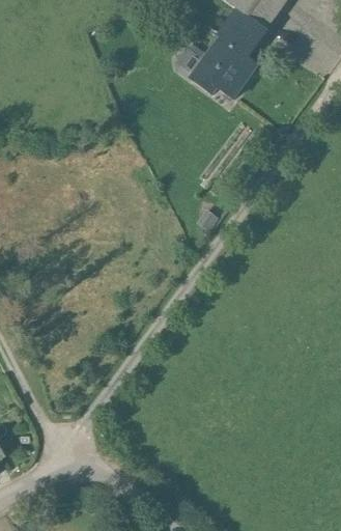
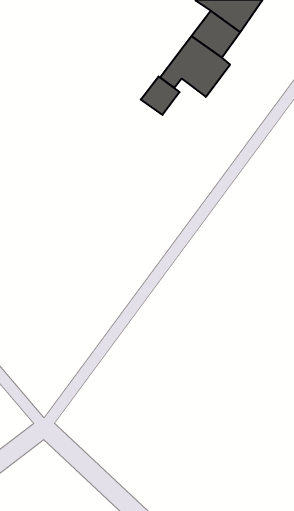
building: none -> [141,76,180,115]

